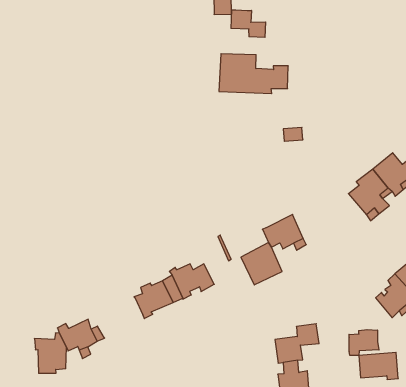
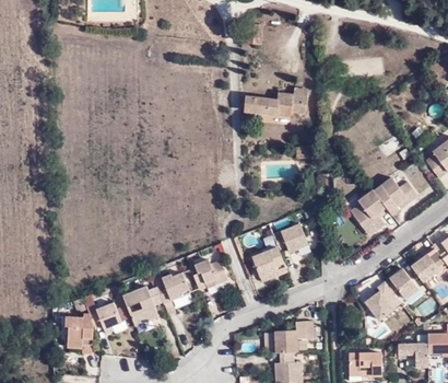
building: [231,10,265,37] -> none
building: none -> [122,285,162,324]
building: [349,330,379,355] -> none

